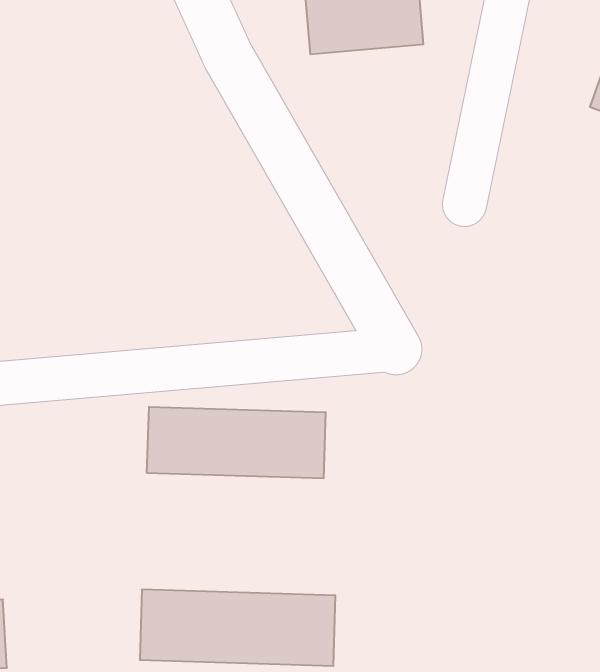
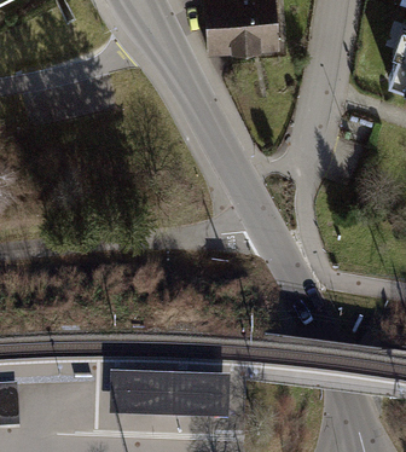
building: [147,407,326,478] -> none

